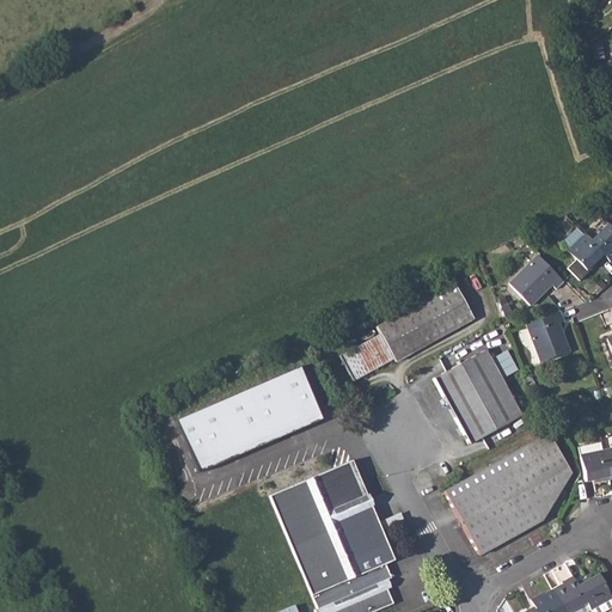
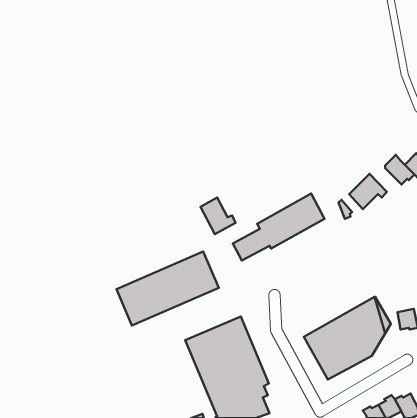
building: none -> [201,198,235,234]
building: [528,311,571,362] -> none
building: [435,349,524,443] -> none

